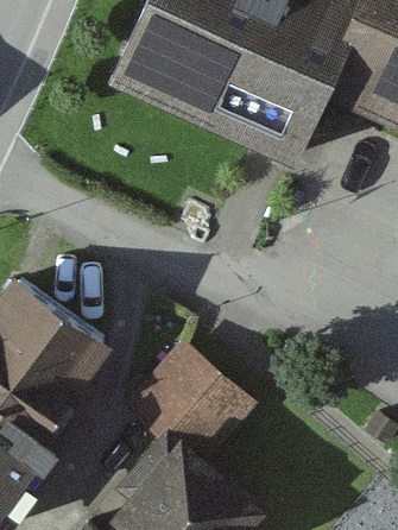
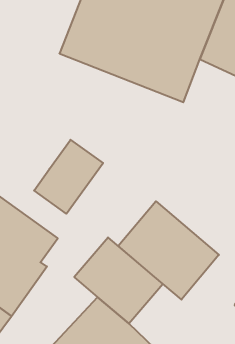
building: none -> [34,140,103,214]
building: none -> [118,201,219,300]

